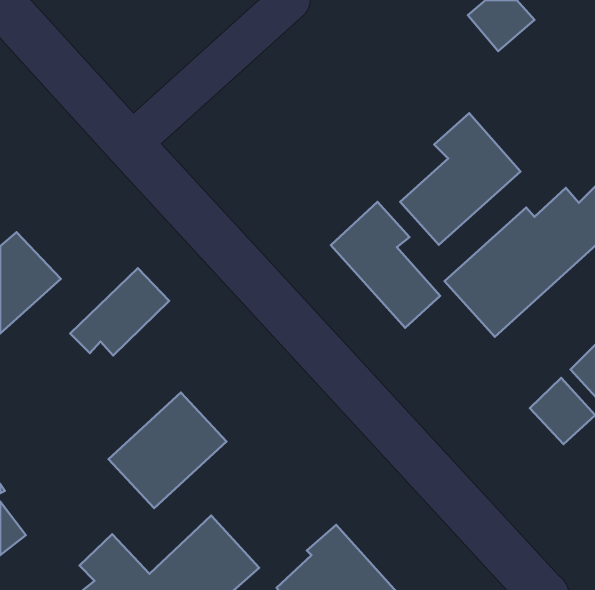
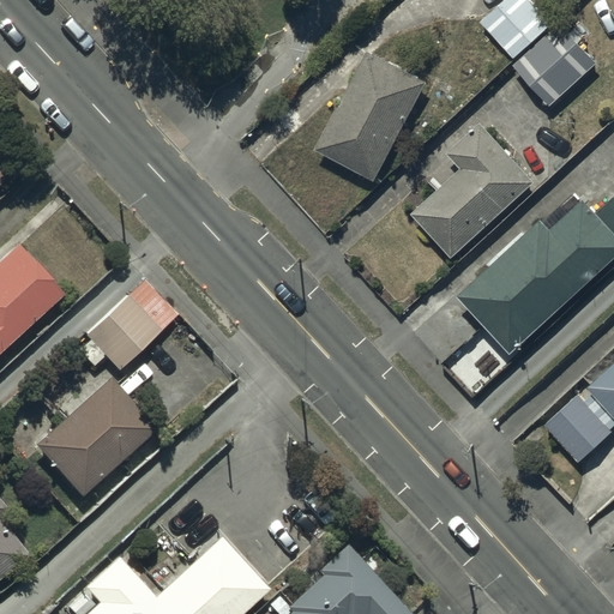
building: none -> [514,29,597,107]
building: none -> [315,52,426,180]
building: [331,202,440,328] -> none
building: [109,393,226,508] -> [34,378,155,496]

